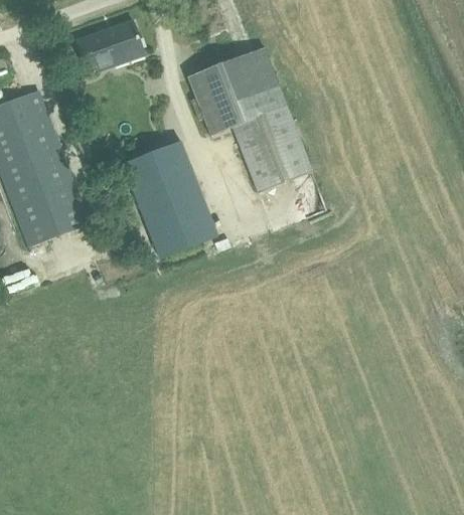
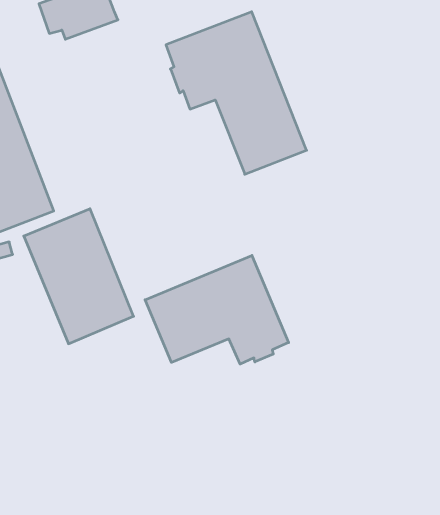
building: [122,140,218,259] -> [24,209,134,344]
building: none -> [145,255,289,364]

